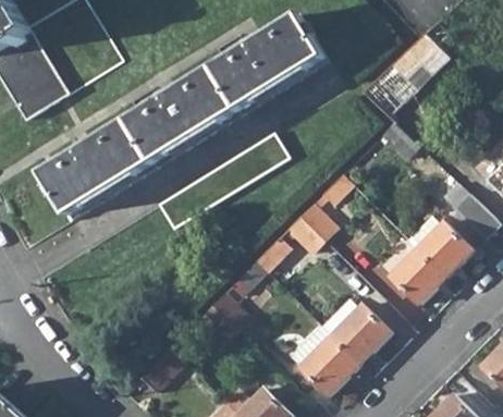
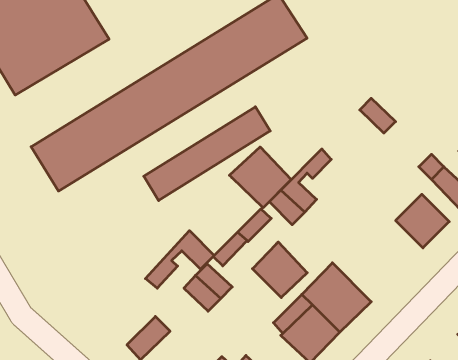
building: [360,33,435,116] -> none
building: none -> [229,147,291,208]
building: [391,248,446,304] -> none
building: none -> [145,231,214,288]
building: none -> [252,242,307,298]

